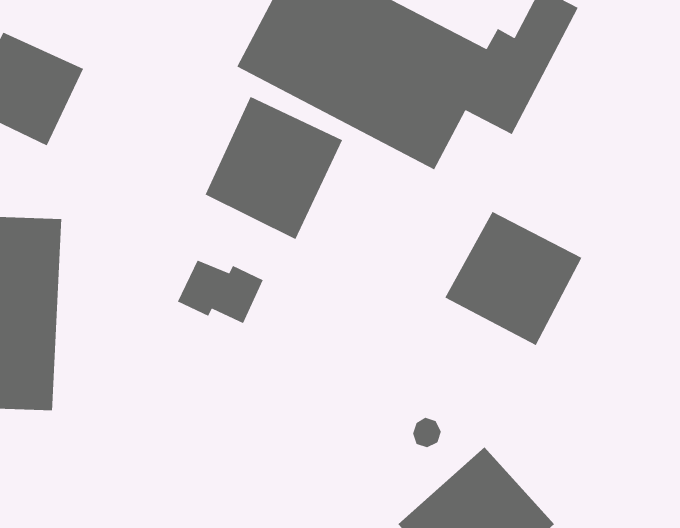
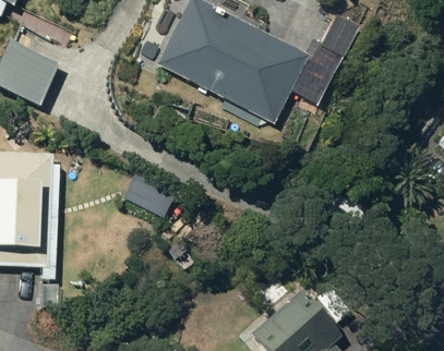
building: [205,96,343,240] -> none
building: [444,211,583,346] -> none

